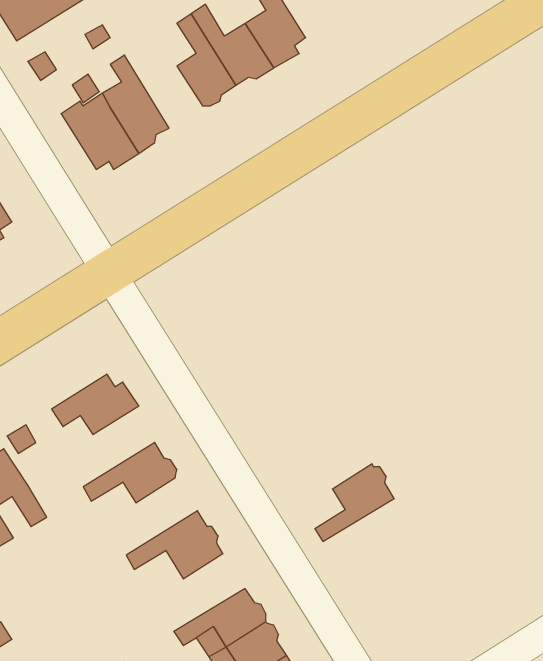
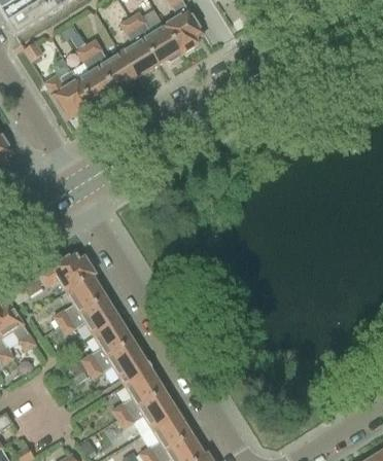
building: none -> [85,39,136,92]
building: none -> [53,272,105,324]
building: [315,464,394,541] -> [112,367,164,418]
building: none -> [80,318,133,368]

